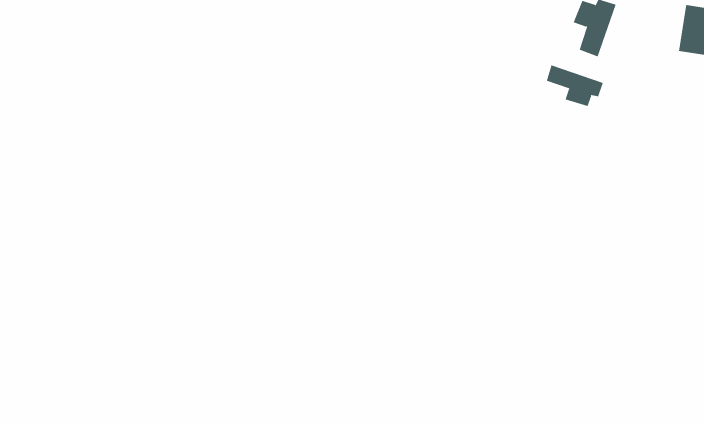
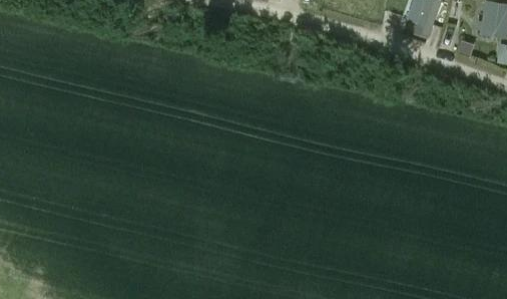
building: [546,65,604,107] -> none

